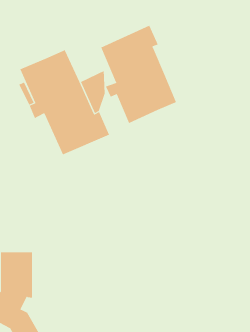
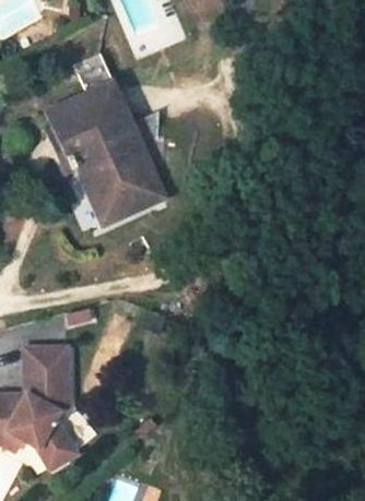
building: [100,25,177,124] -> none
building: none -> [74,56,115,96]

